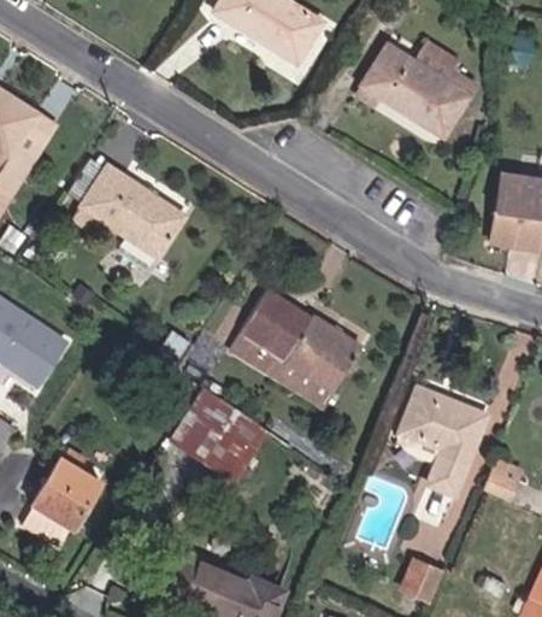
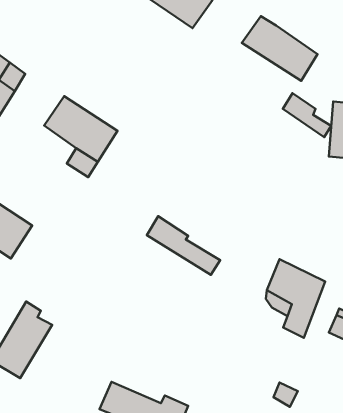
building: [410,39,477,100] -> [283,93,331,137]
building: [245,290,359,388] -> none
building: [170,387,265,481] -> none

